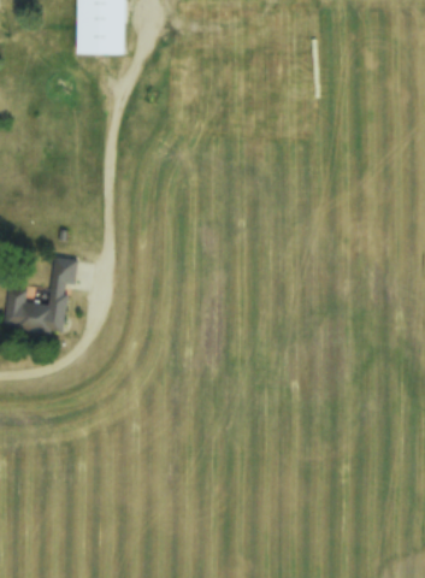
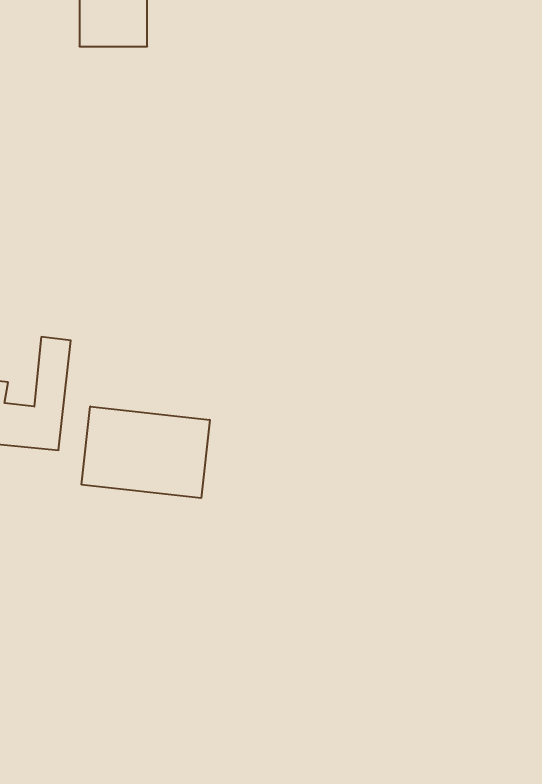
building: none -> [82,406,210,498]

